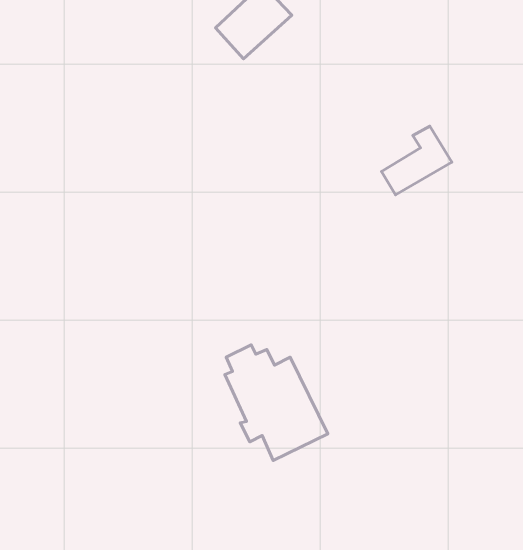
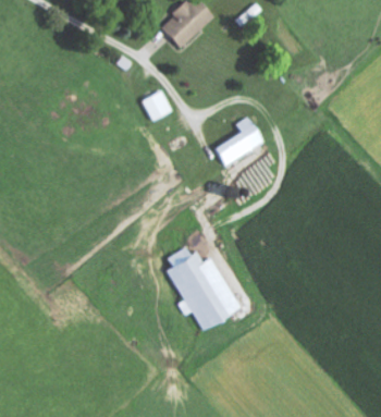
building: none -> [142,91,171,121]
building: [382,126,452,195] -> [213,116,262,164]

